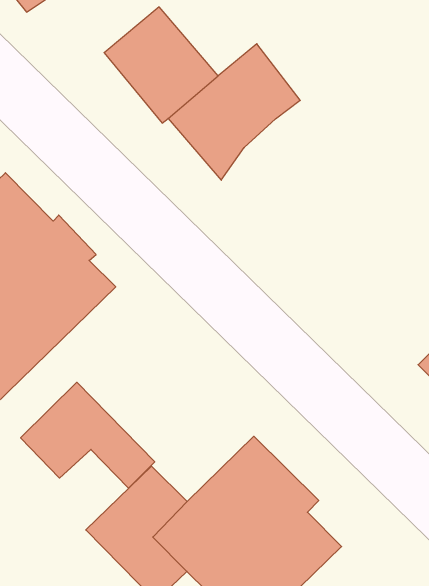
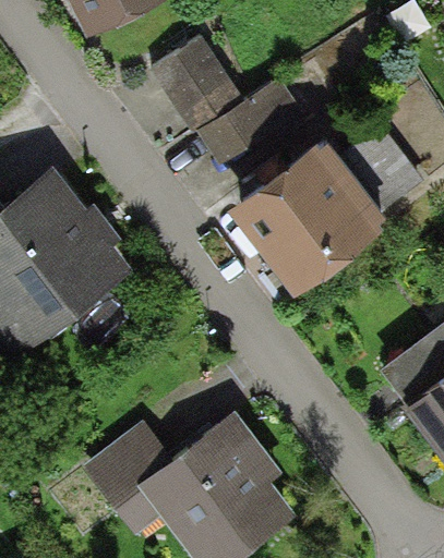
building: none -> [229,129,387,287]
building: [21,382,155,488] -> none

